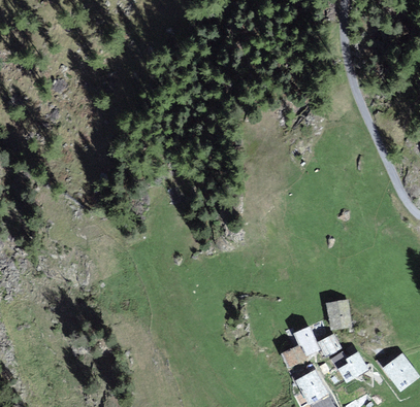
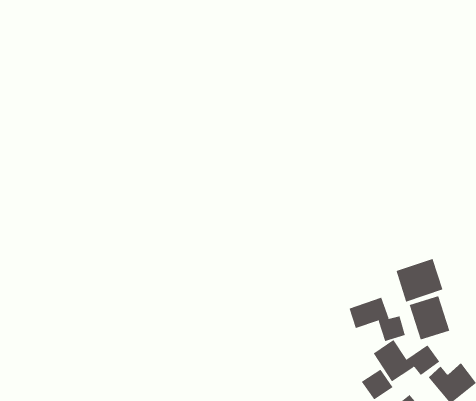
building: none -> [396,258,443,302]
building: none -> [349,297,406,342]

